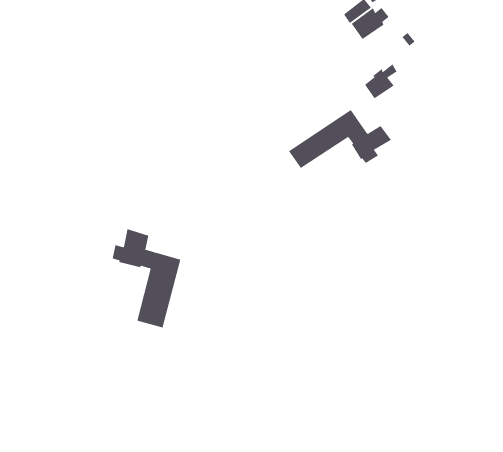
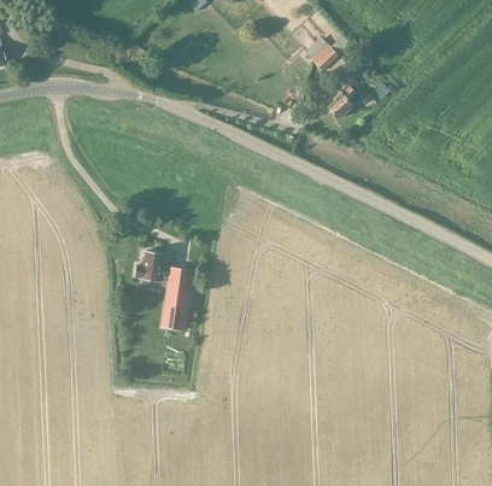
building: [288,109,392,169] -> none

